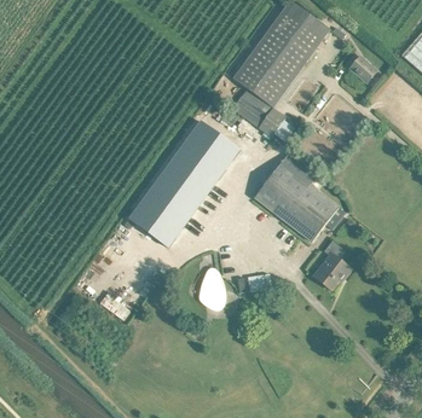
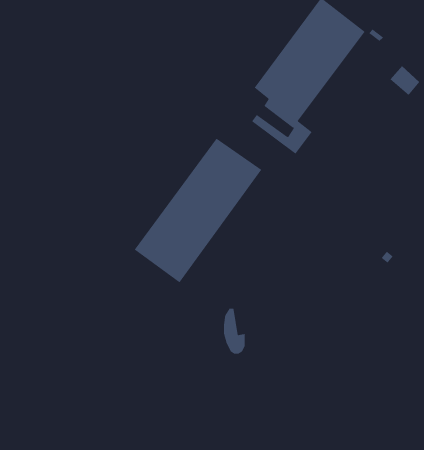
building: [254,153,345,242] -> none
building: [312,239,351,290] -> none

